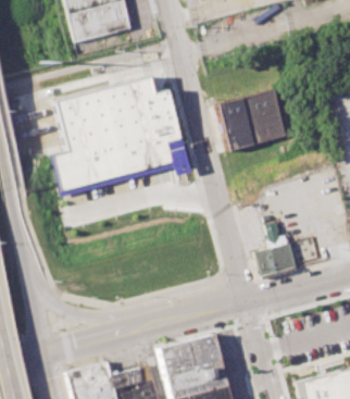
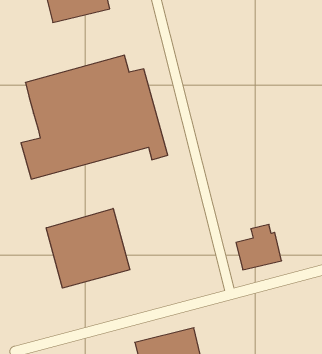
building: [220,91,289,151] -> none
building: none -> [46,208,130,288]

